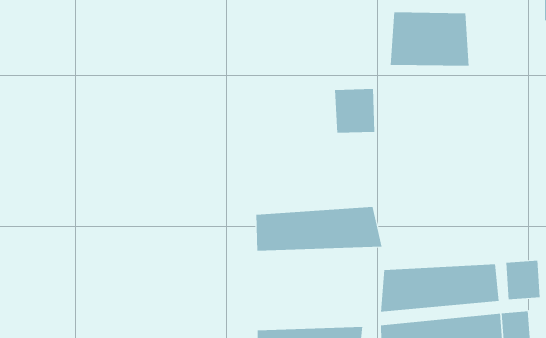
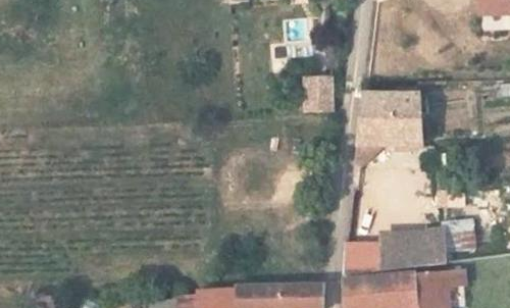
building: [390,12,470,66] -> [352,98,419,144]
building: [256,206,382,251] -> none

